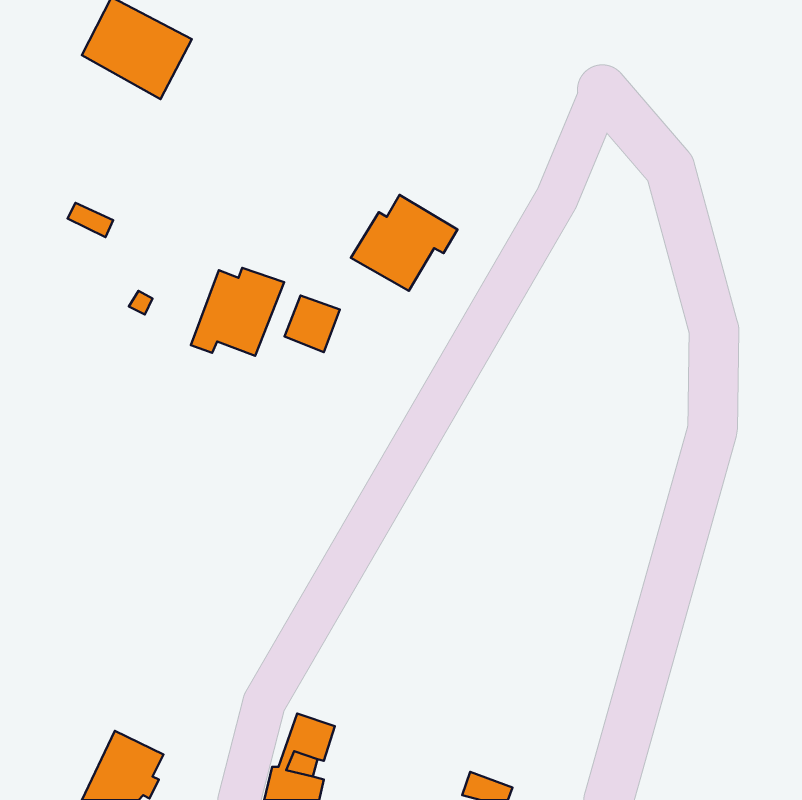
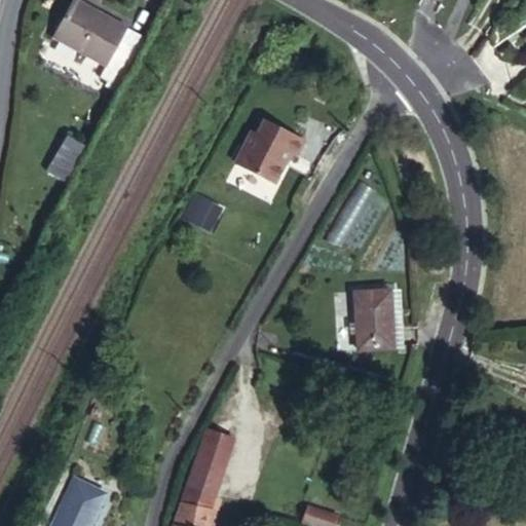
building: [191,268,284,356] -> none
building: none -> [354,289,393,347]
building: none -> [195,428,234,475]

